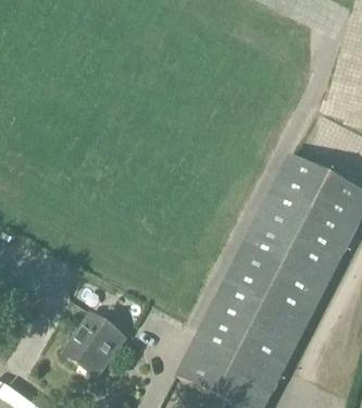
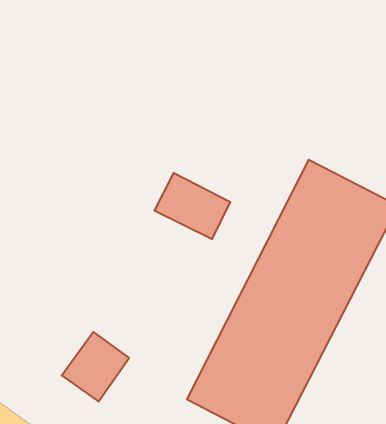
building: none -> [154,173,230,239]

